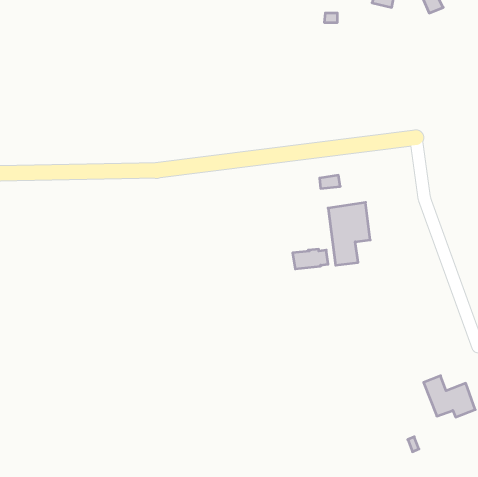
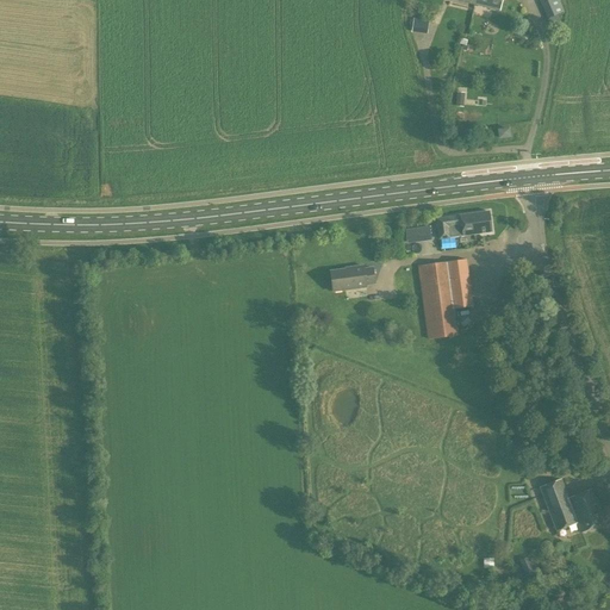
building: none -> [436,210,490,237]
building: [293,249,328,269] -> [329,264,374,290]

